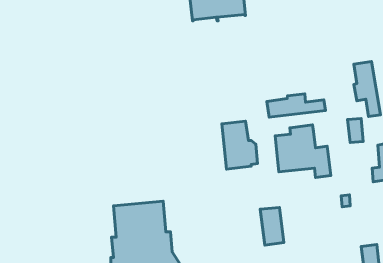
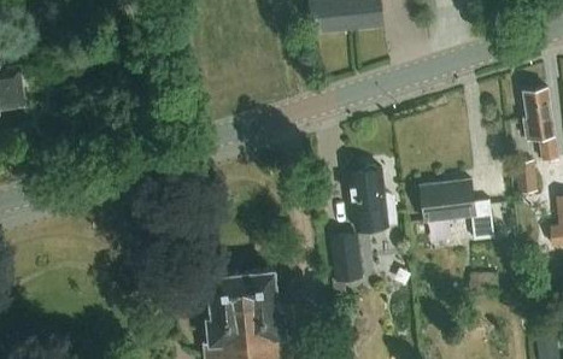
building: [267,94,325,117] -> none
building: [260,207,284,245] -> [332,234,363,283]

